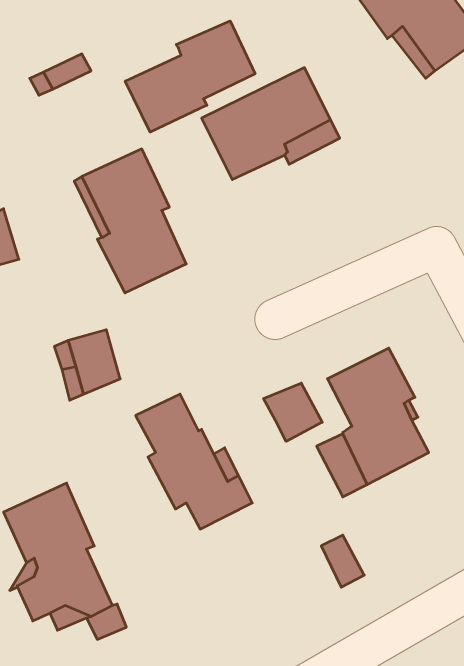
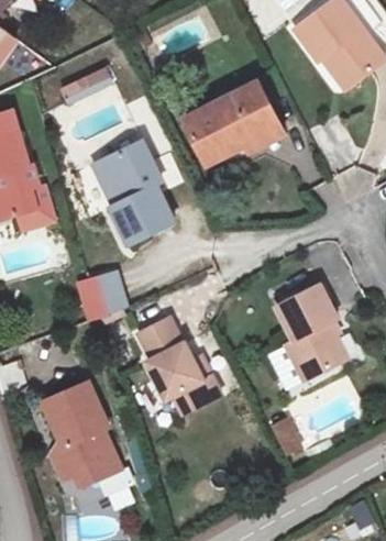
building: [125,21,255,132] -> none
building: [264,383,322,441] -> none

